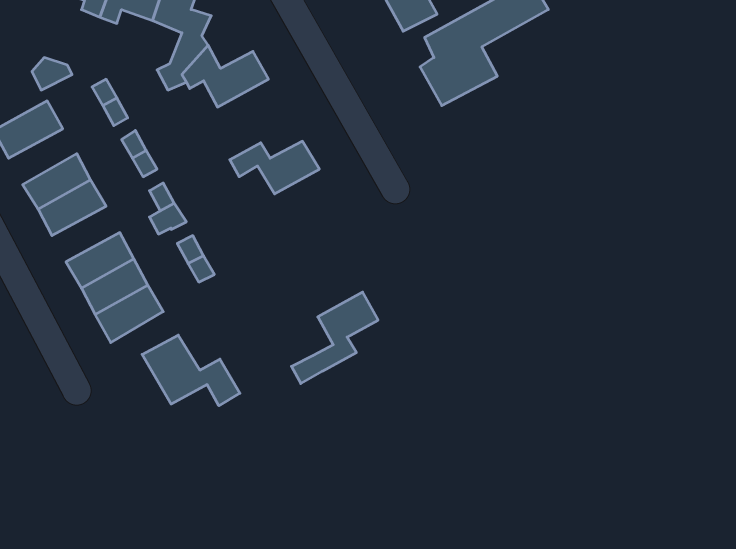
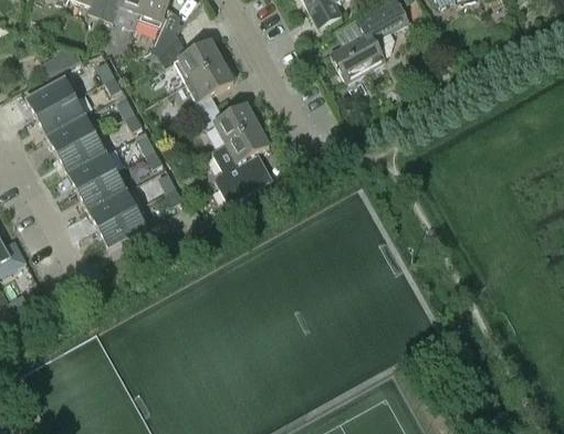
building: none -> [185,60,236,117]
building: none -> [35,95,84,135]
building: none -> [66,150,115,190]
building: [291,292,378,384] -> [207,124,269,189]
building: [142,335,240,406] -> none

